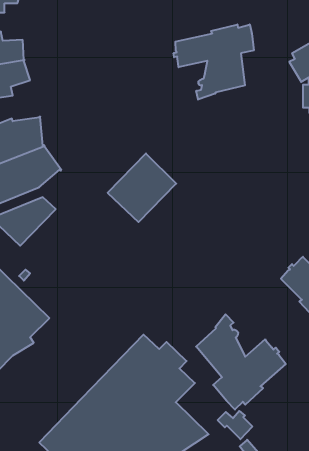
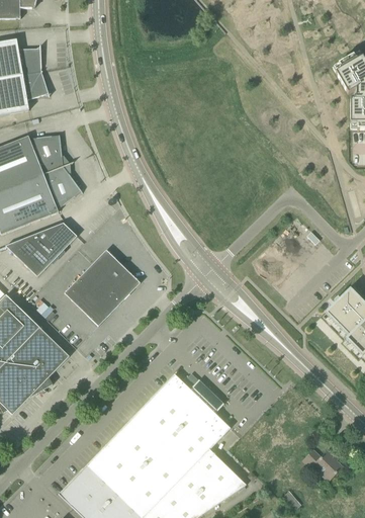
building: [174,24,254,100] -> none
building: [108,153,176,222] -> [64,249,140,325]
building: [196,314,286,410] -> none
building: [218,411,252,439] -> [303,448,342,480]

